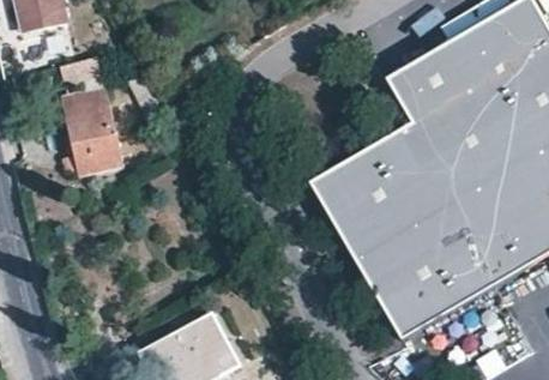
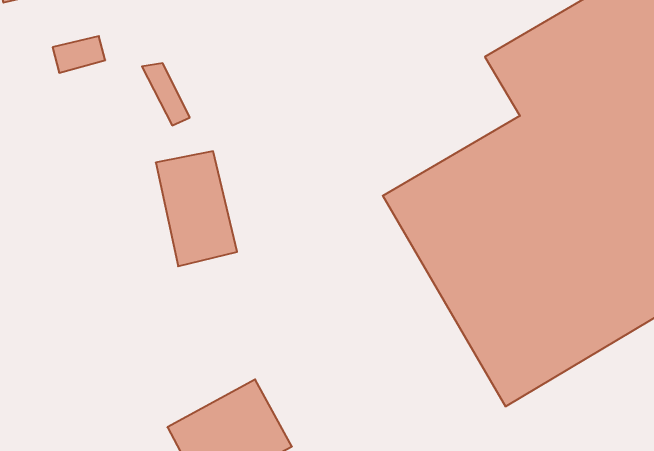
building: [61,89,122,175] -> [156,151,237,266]

